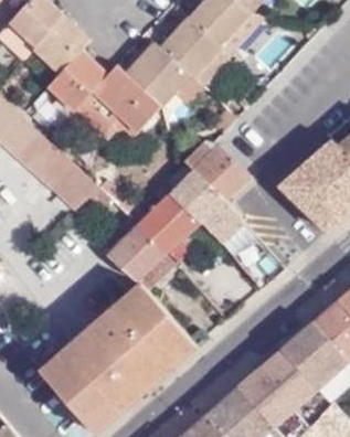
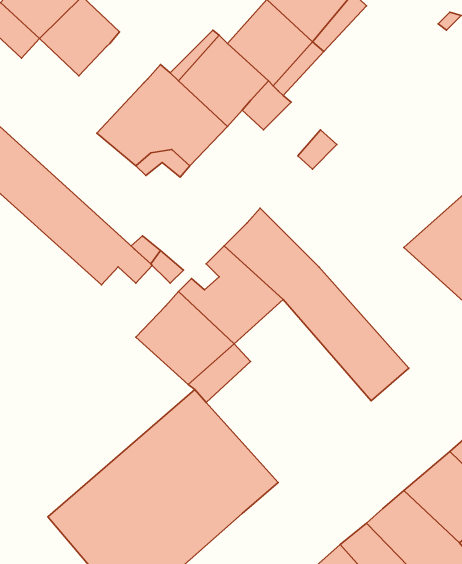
building: [46,50,105,108] -> none
building: [183,139,250,199] -> none

